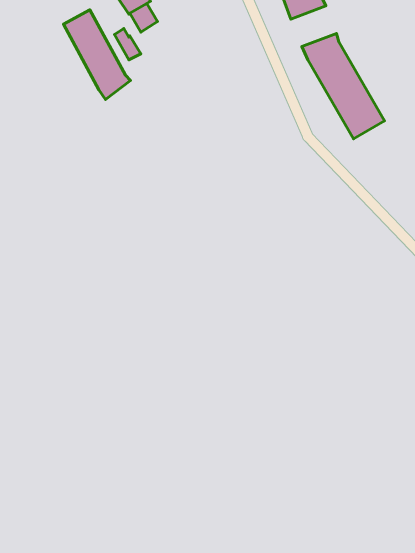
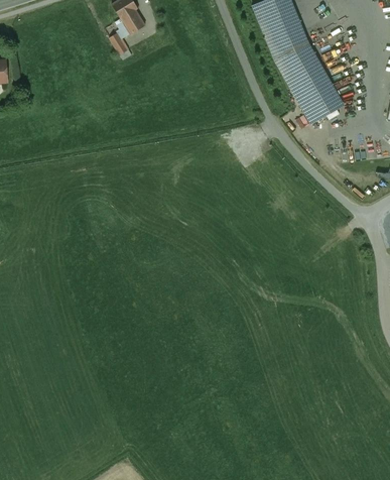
building: none -> [258,11,296,45]
building: [63,10,130,100] -> none

